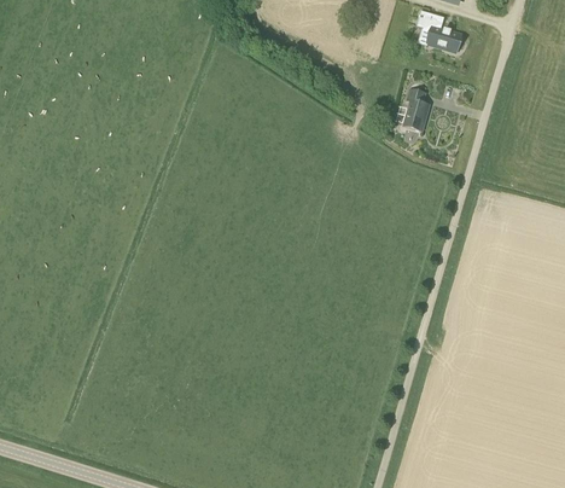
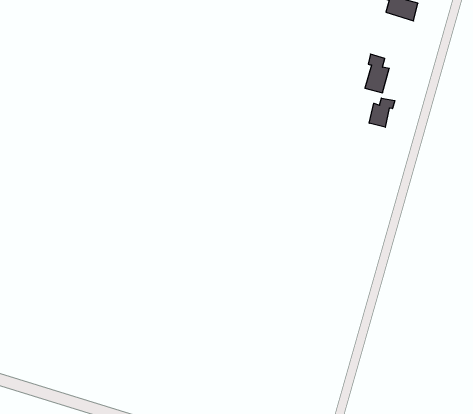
building: none -> [369,98,395,127]

